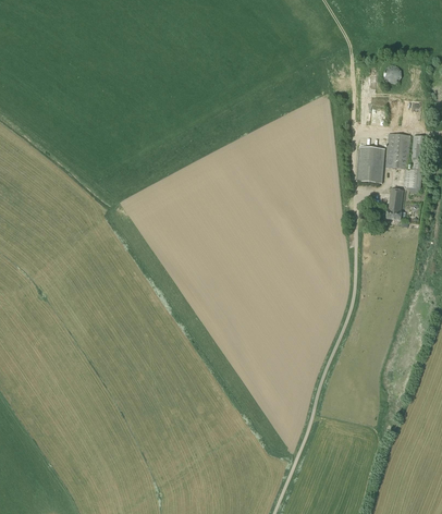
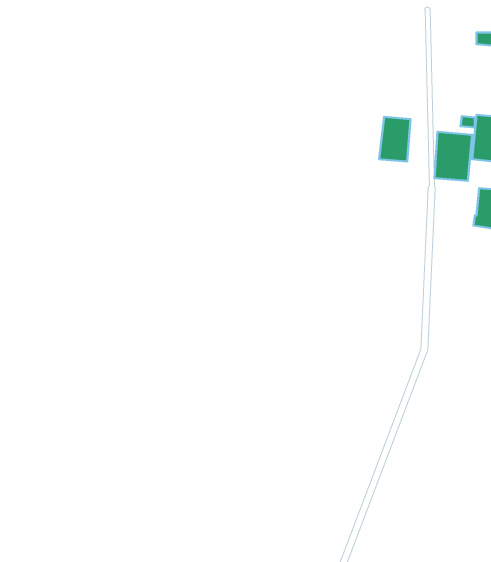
building: none -> [379,117,411,161]

